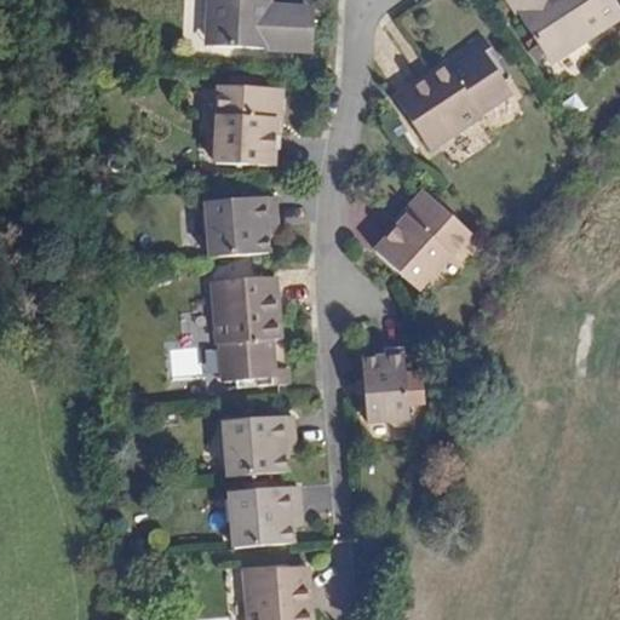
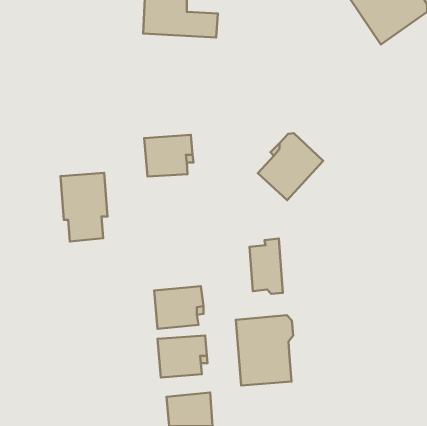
building: [394,51,504,149] -> none
building: [218,85,285,163] -> none
building: [212,275,280,374] -> [60,173,107,241]
building: none -> [236,315,293,386]

